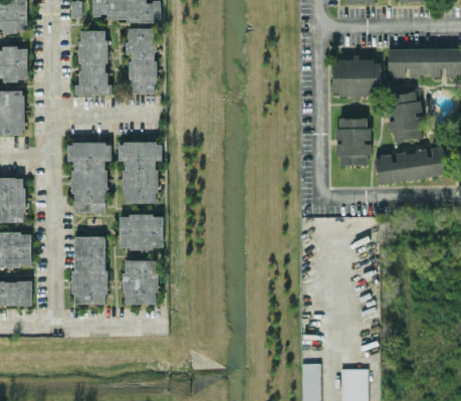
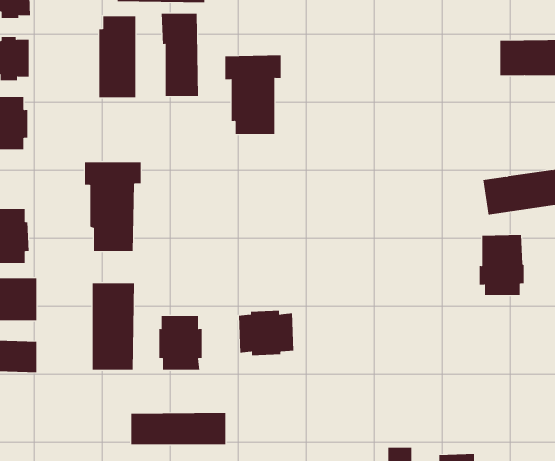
building: [332,58,381,96] -> none
building: [386,91,423,142] -> none
building: [335,118,371,165] -> [479,234,525,296]
building: [118,142,162,203] -> [224,55,282,134]
building: [120,216,163,251] -> [238,310,294,356]
building: none -> [131,412,226,445]

